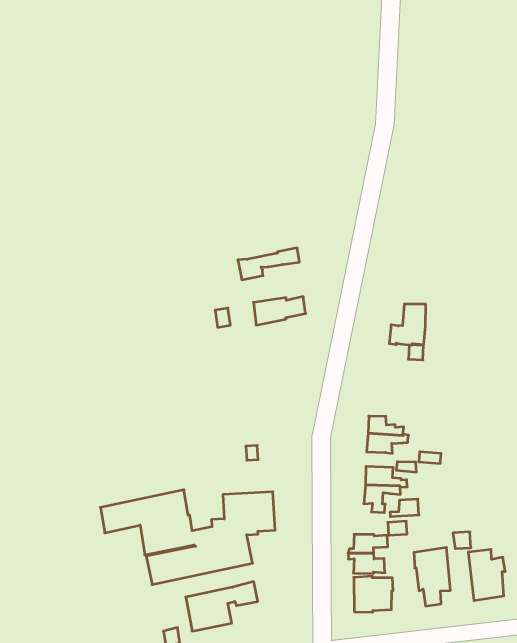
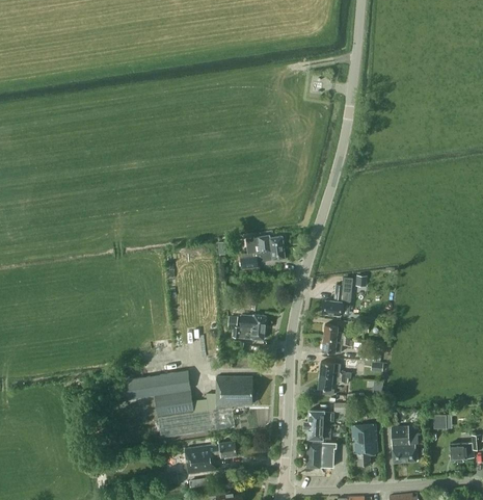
building: [238,248,299,280] -> [240,247,285,268]
building: [389,304,426,345] -> [324,285,352,315]
building: none -> [229,314,266,339]

